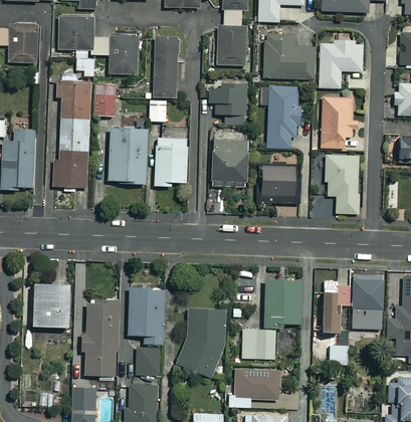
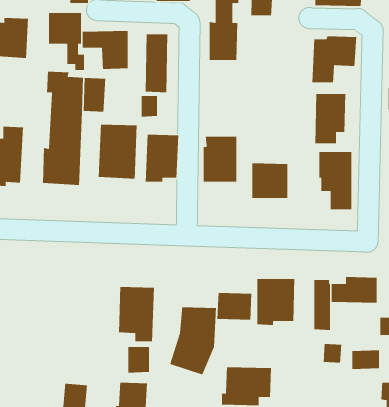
building: [263,34,316,78] -> none
building: [209,82,247,128] -> none
building: [268,85,298,148] -> none
building: [31,283,68,327] -> none
building: [80,298,118,376] -> none
building: [353,308,381,329] -> [351,350,380,370]
building: [241,330,276,358] -> [217,292,252,320]

